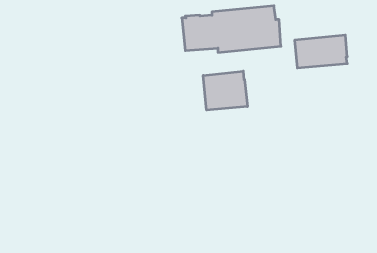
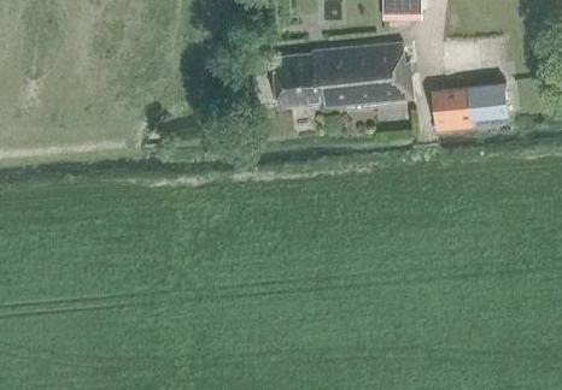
building: [203,71,247,110] -> none

